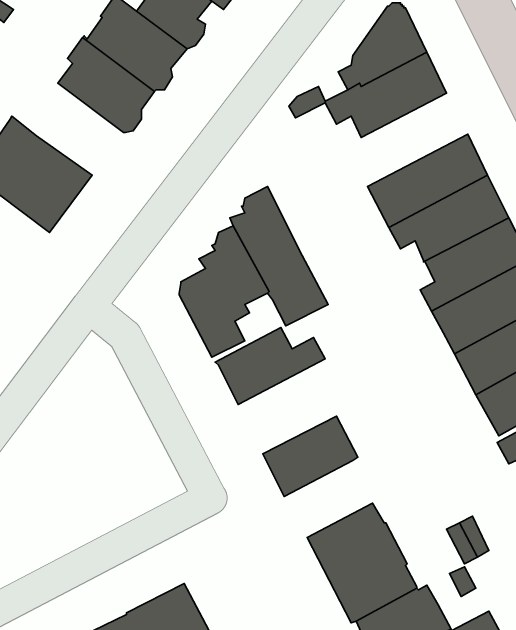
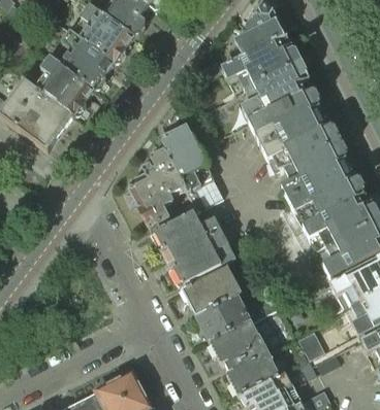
building: none -> [39,55,94,114]
building: none -> [241,63,311,122]
building: none -> [166,230,235,285]
building: none -> [195,294,279,342]

